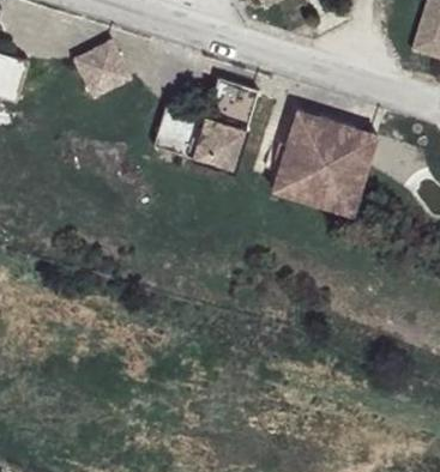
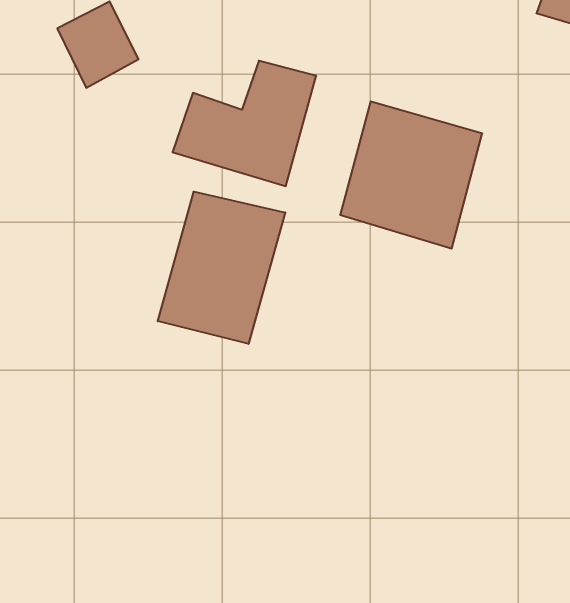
building: none -> [158,192,285,344]

